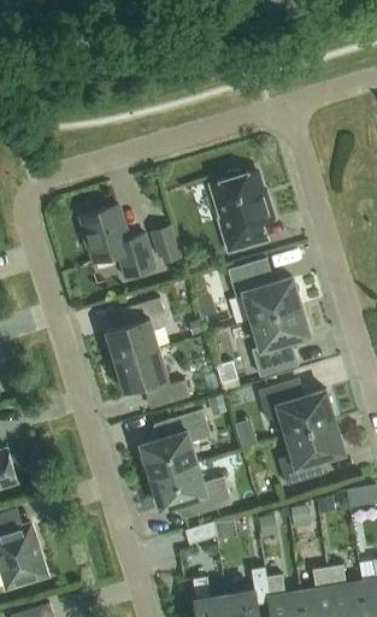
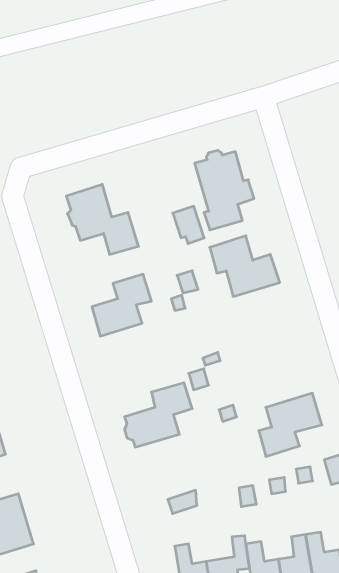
building: [149,224,182,263] -> [173,206,204,244]
building: [253,306,310,376] -> none
building: [116,348,190,406] -> none
building: [258,380,335,435] -> none
building: [151,463,231,515] -> none

